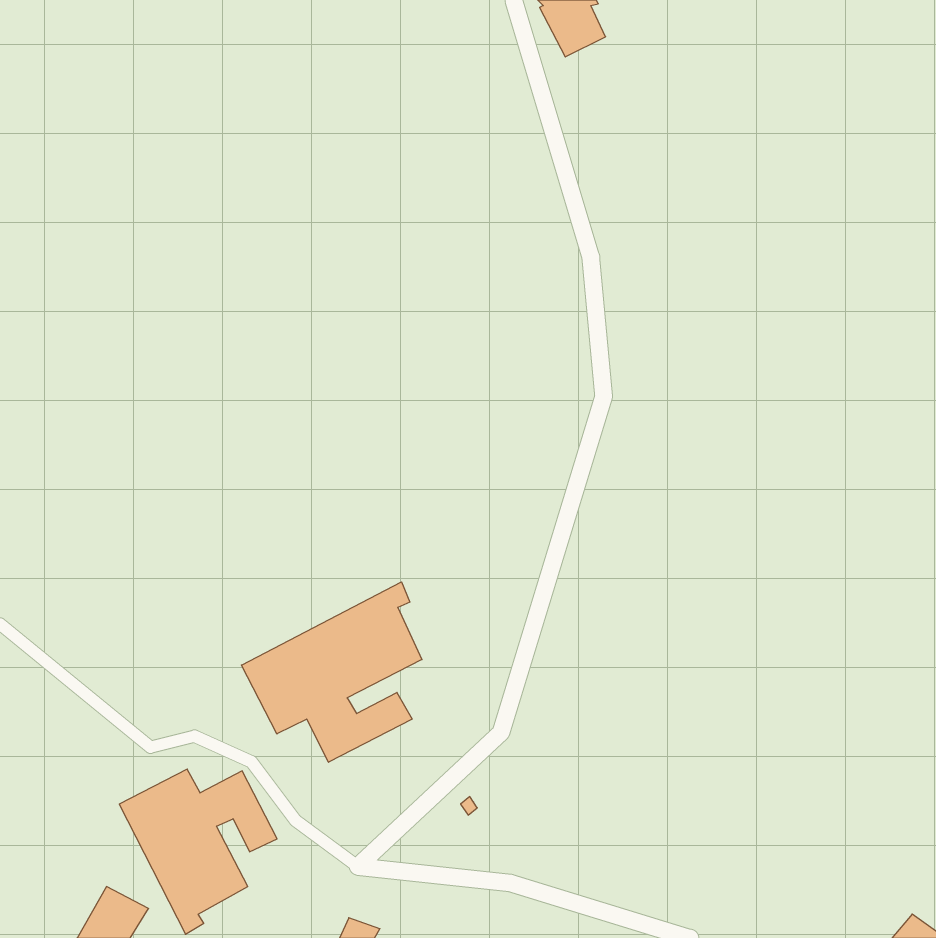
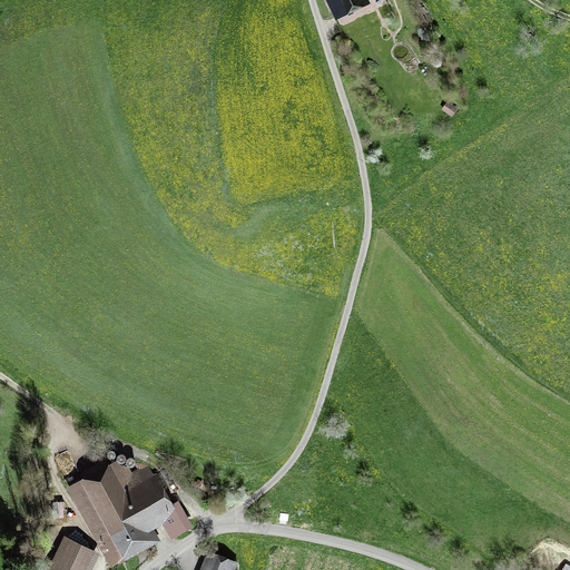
building: [241,582,422,762] -> none
building: none -> [163,507,191,535]

